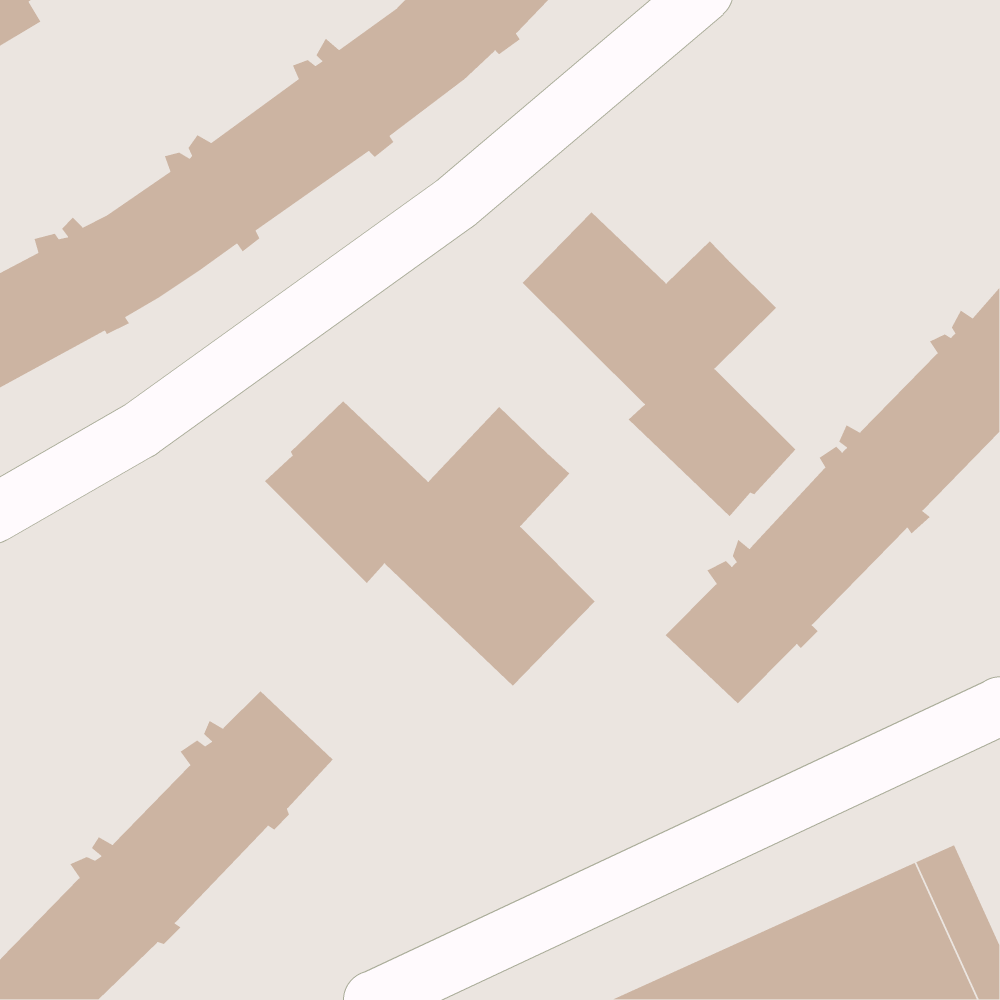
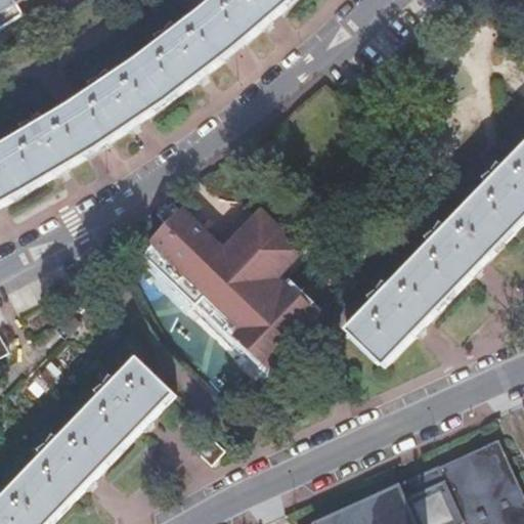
building: [522,211,796,517] -> none

